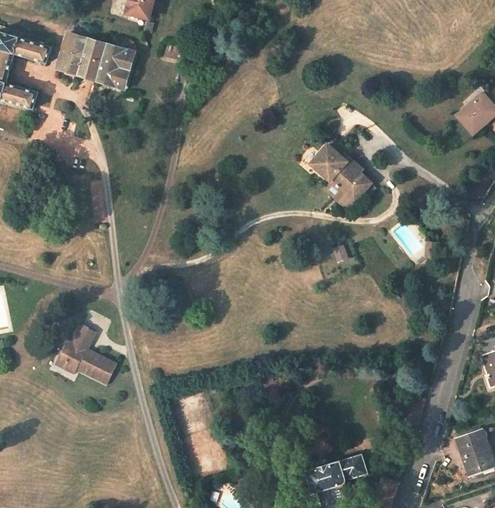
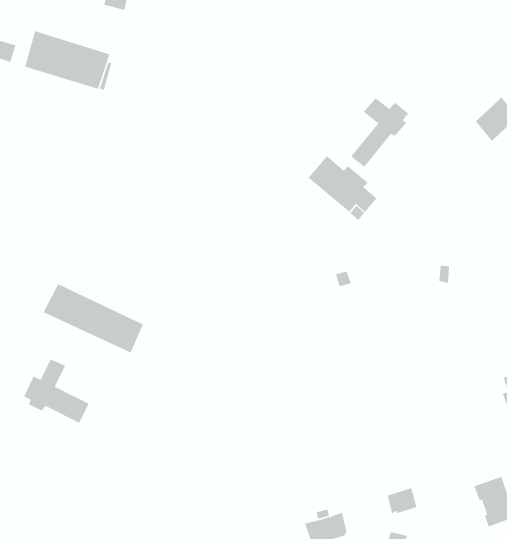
building: none -> [350,97,409,168]
building: none -> [43,283,144,354]
building: [340,454,367,478] -> [387,487,417,514]

